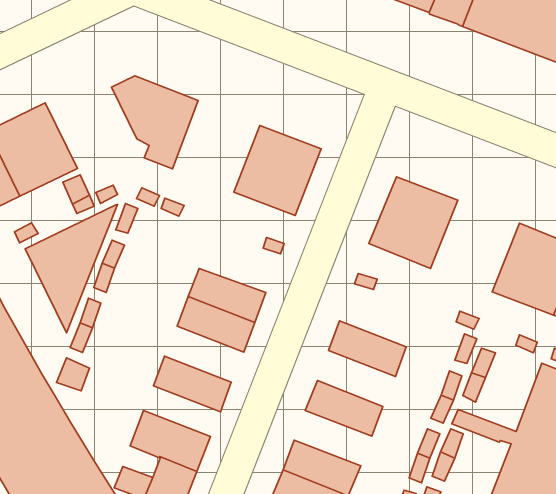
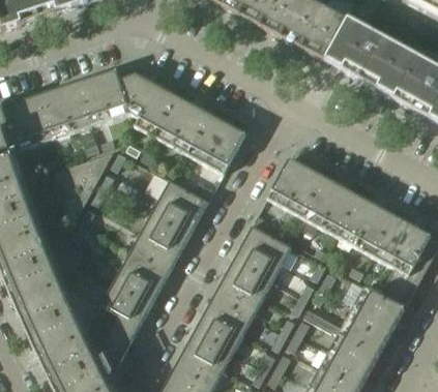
building: none -> [79,68,133,124]
building: none -> [152,92,210,152]
building: none -> [304,176,363,236]
building: none -> [160,178,210,217]
building: none -> [243,223,293,263]
building: none -> [132,231,181,270]
building: none -> [225,259,273,298]
building: none -> [114,266,162,302]
building: none -> [205,294,254,333]

